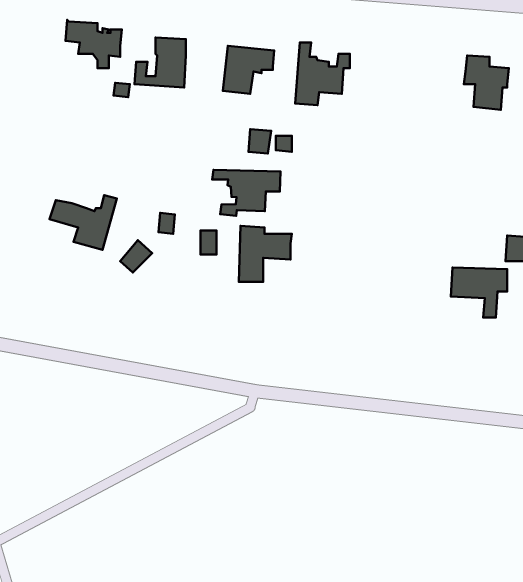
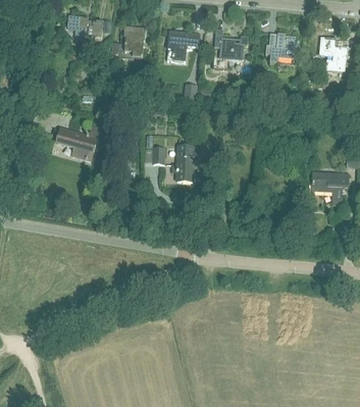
building: none -> [265,32,296,64]
building: [212,170,281,216] -> none

